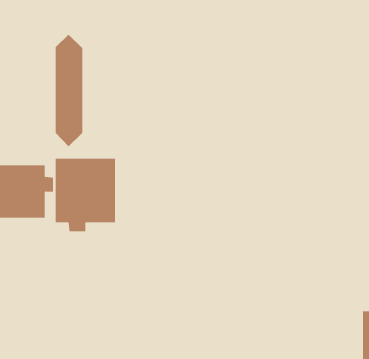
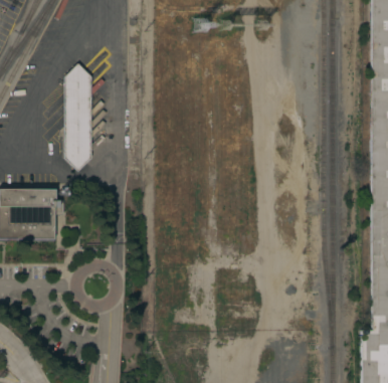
building: [55,158,116,232] -> none

